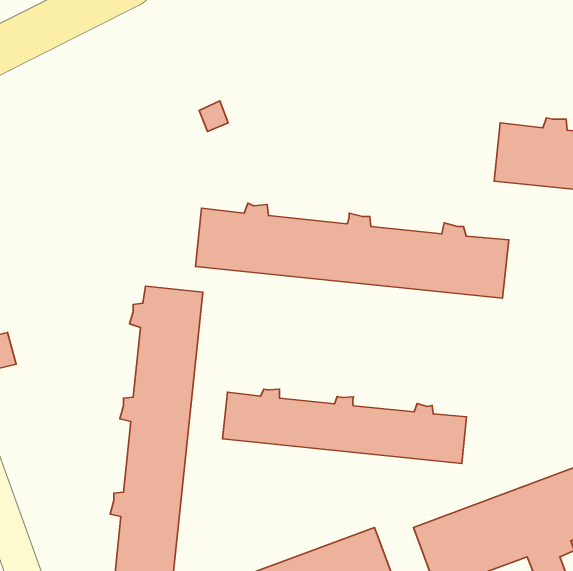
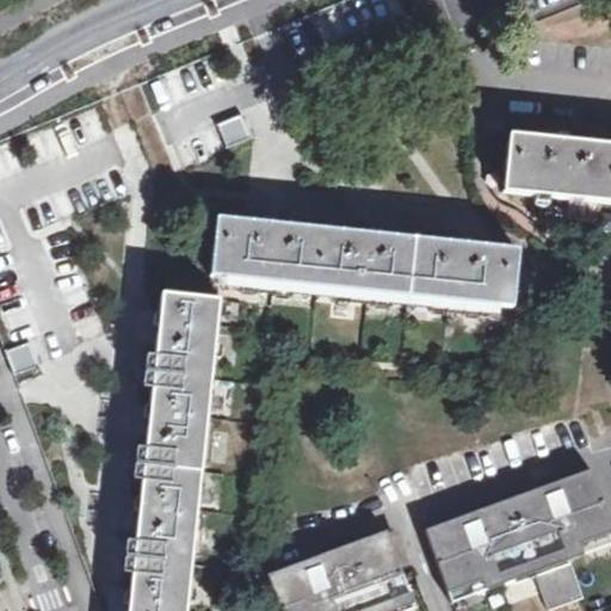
building: [223,389,467,463] -> none

